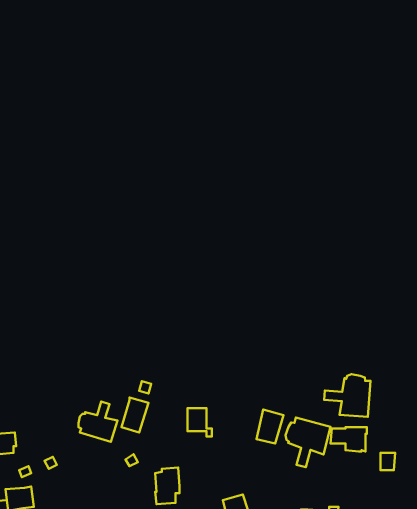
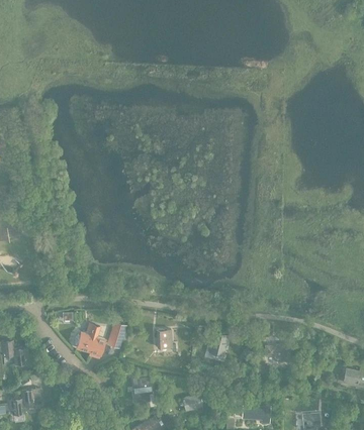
building: [324,374,370,417] -> none
building: [286,418,331,467] -> none

